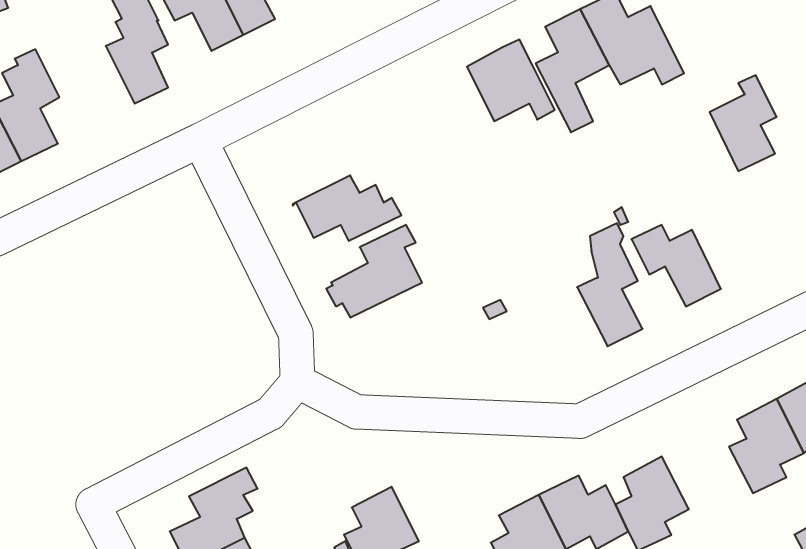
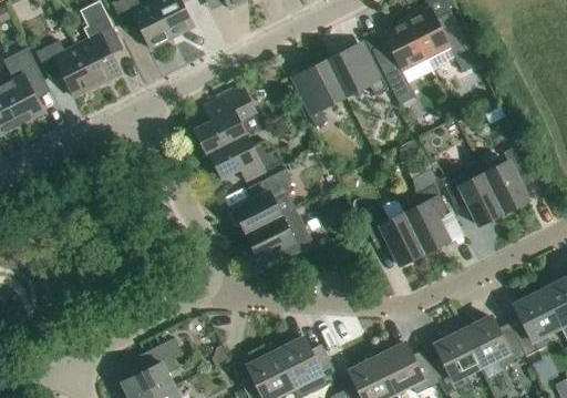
building: none -> [35,40,96,96]
building: none -> [289,59,346,126]
building: [710,75,777,171] -> [483,146,529,213]
building: none -> [194,85,262,154]
building: none -> [360,206,424,265]
building: none -> [246,208,313,258]
building: none -> [462,316,525,378]
building: none -> [275,337,338,388]

